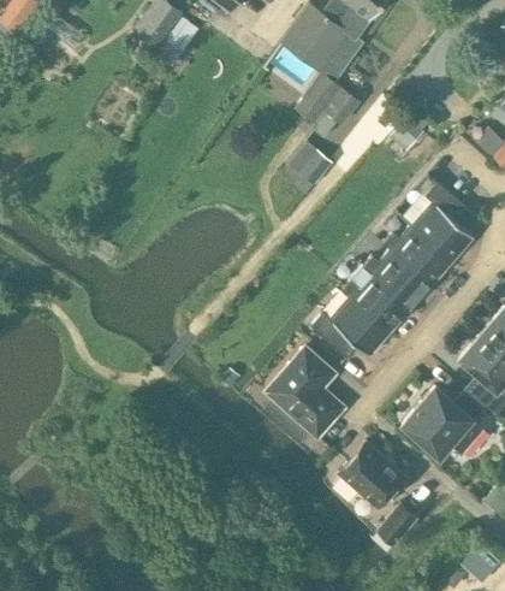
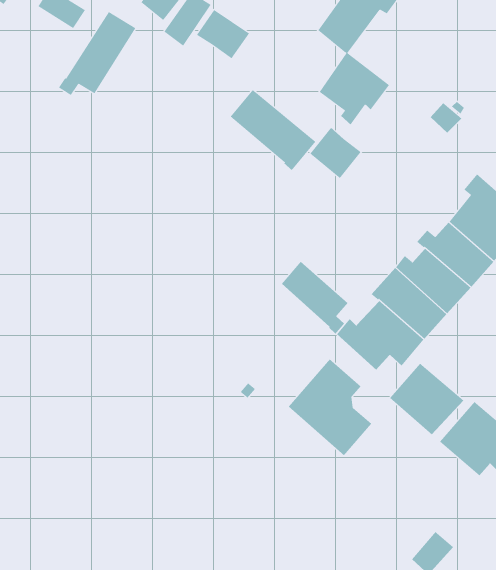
building: none -> [196,9,250,59]
building: none -> [58,11,136,96]
building: none -> [230,89,316,171]
building: none -> [281,261,348,334]
building: [338,443,405,508] -> [389,363,464,435]

